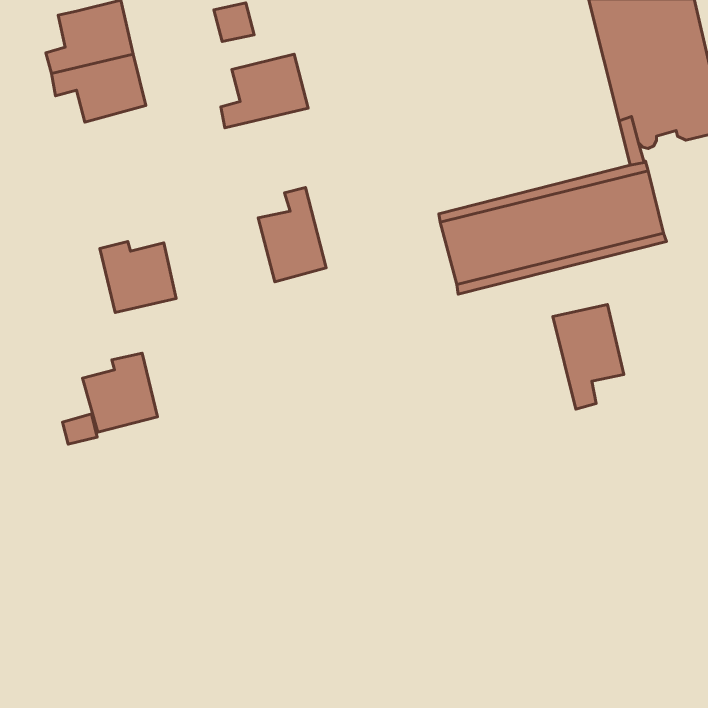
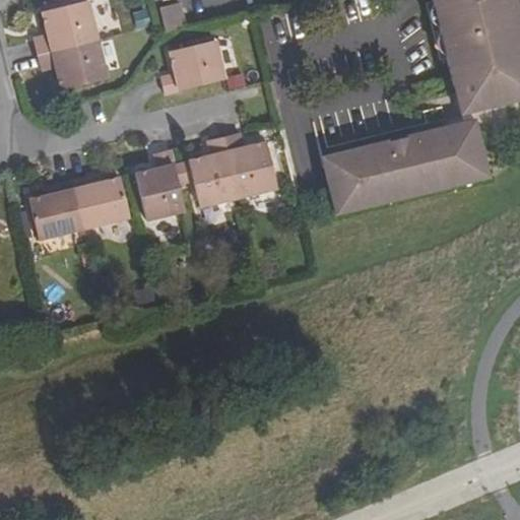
building: none -> [224,133,277,196]
building: none -> [136,150,186,219]
building: [553,304,624,409] -> none
building: [83,353,158,432] -> [30,182,85,240]

